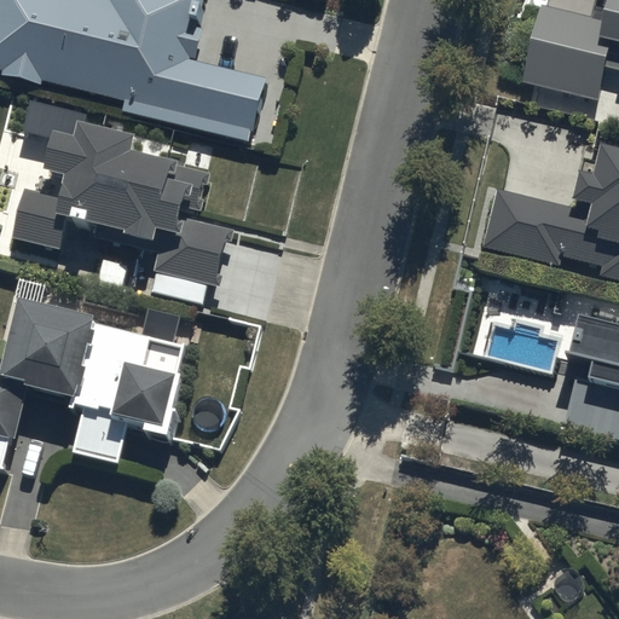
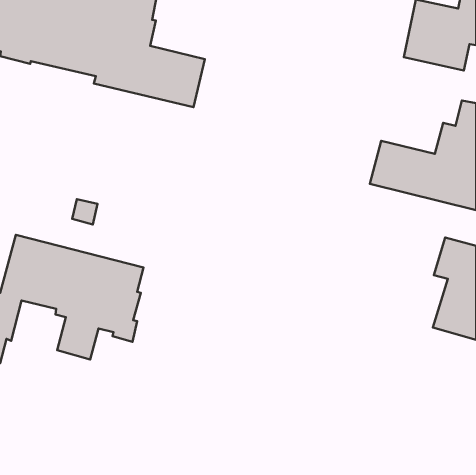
building: [10,123,232,303] -> none

